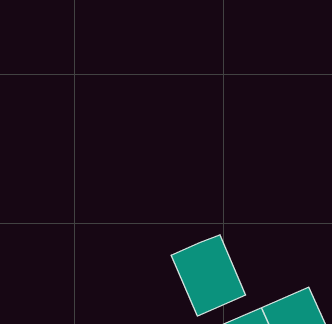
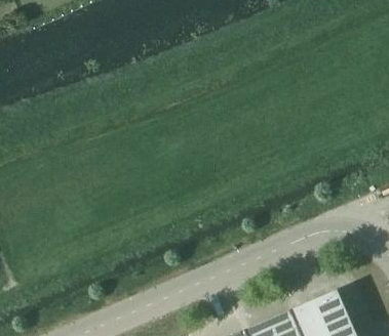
building: [171,235,245,316] -> none

